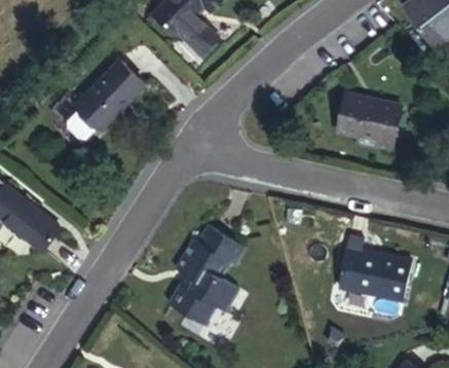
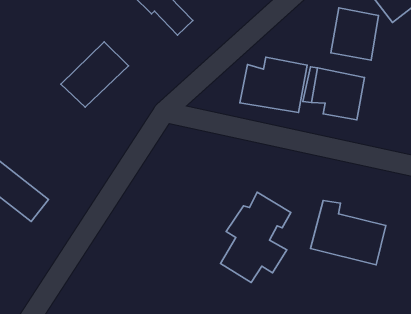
building: none -> [331,8,379,60]
building: none -> [240,57,307,112]
building: [166,222,241,319] -> [220,192,291,283]

